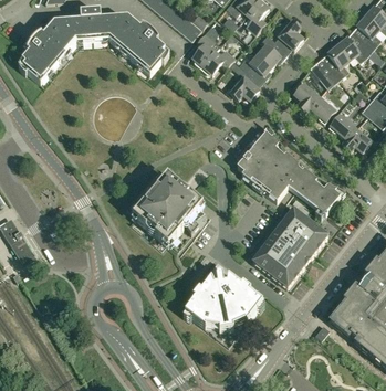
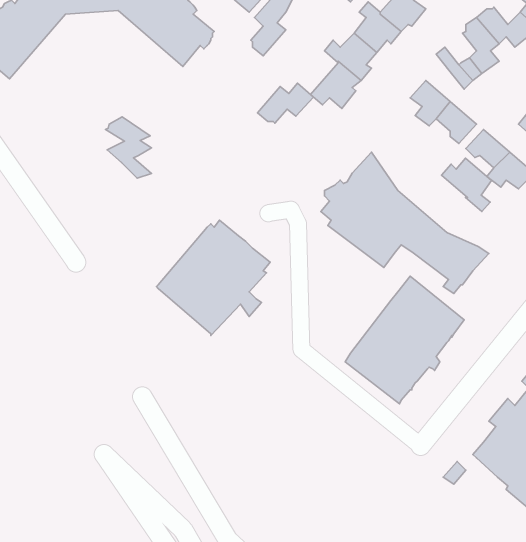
building: [200,49,236,74] -> [257,83,313,123]
building: none -> [106,117,152,178]
building: none -> [442,158,491,211]
building: [185,267,262,345] -> none

